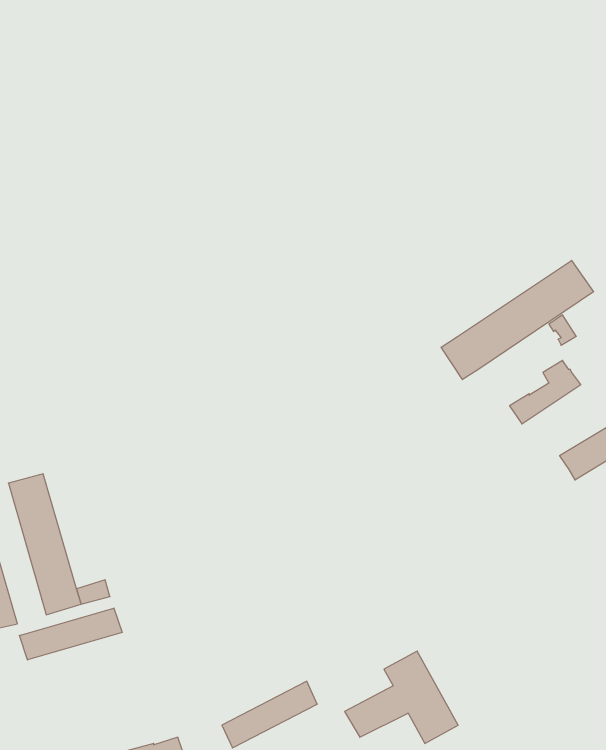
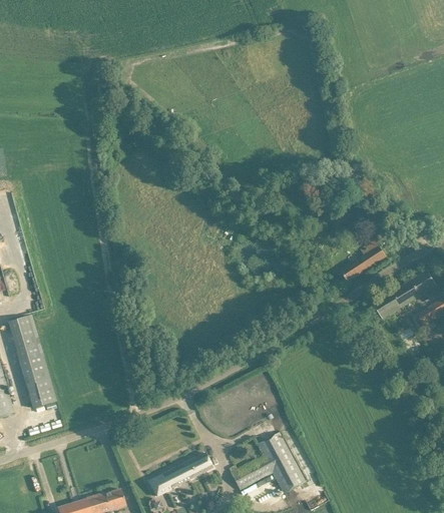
building: [441,260,594,380] -> none
building: [19,608,122,660] -> none

